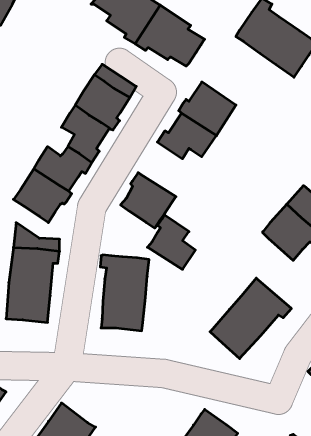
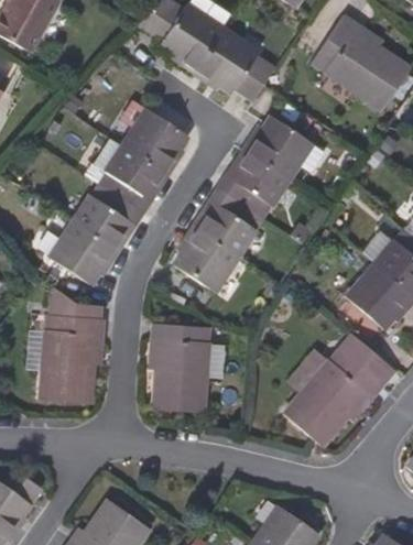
building: [147,215,195,269] -> [200,188,258,253]
building: none -> [338,334,394,386]

